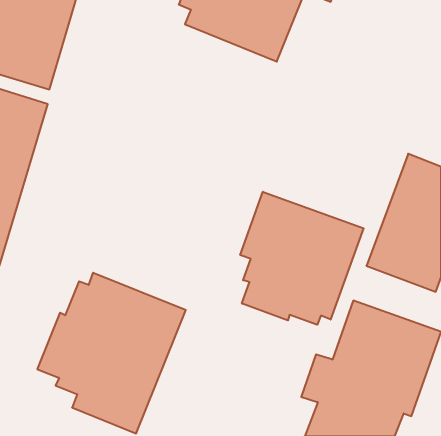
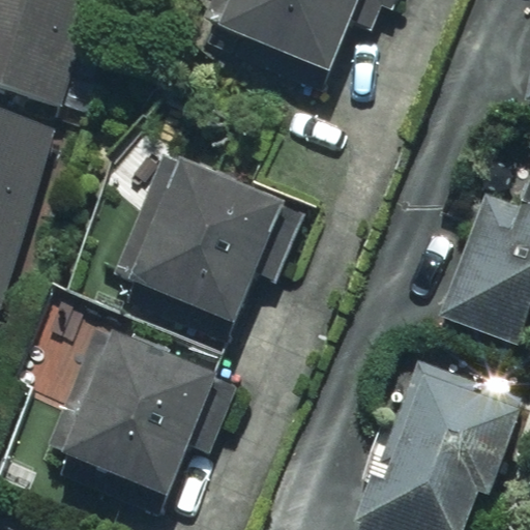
building: none -> [116,152,287,338]
building: [240,192,364,325] -> none

